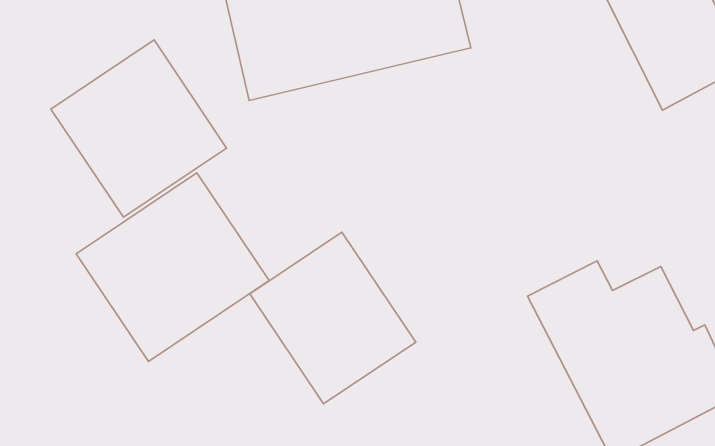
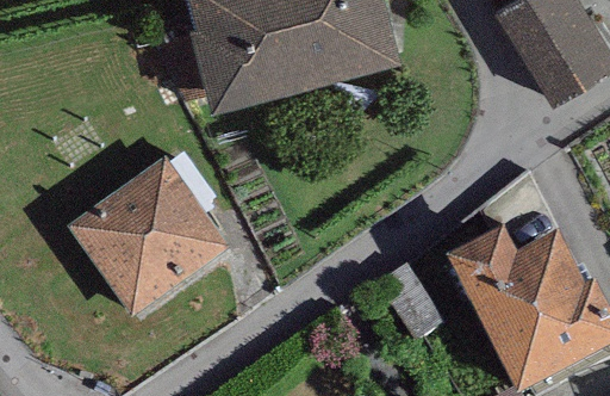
building: [51,40,227,217] -> none
building: [250,232,416,404] -> none

